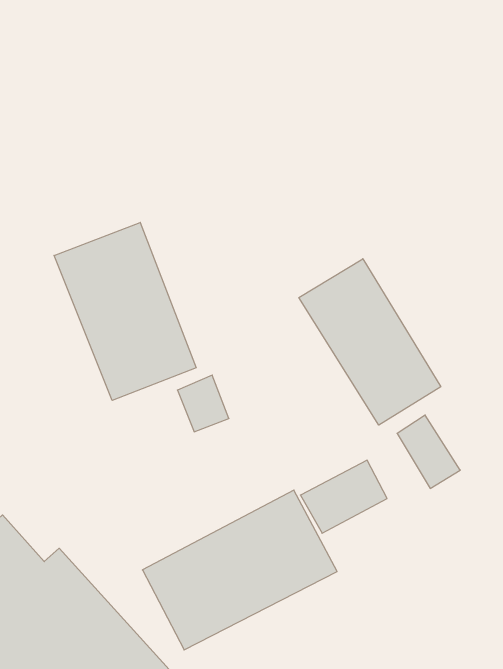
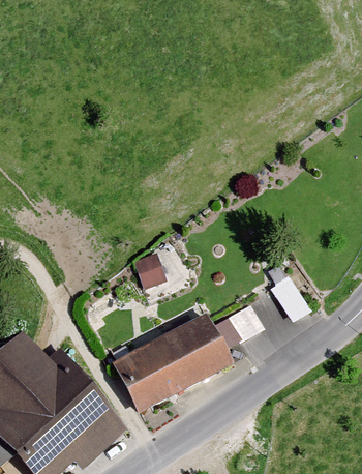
building: [54,222,196,400] -> none
building: [299,259,441,425] -> none

